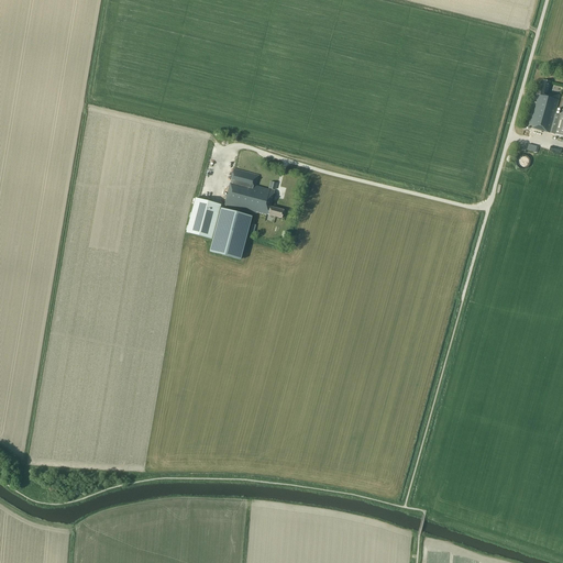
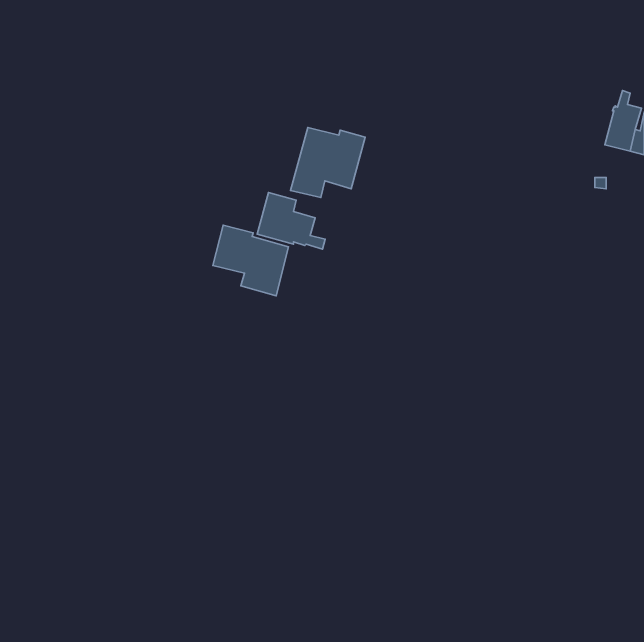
building: none -> [291,128,365,197]

